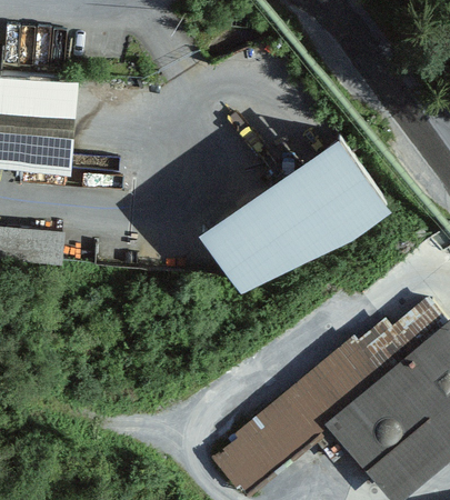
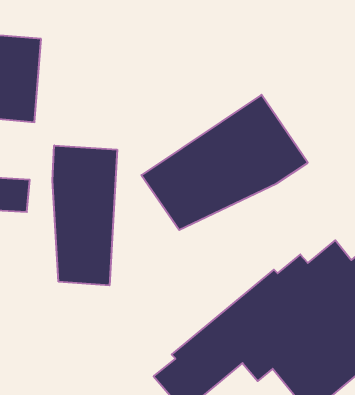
building: none -> [52,145,117,285]

